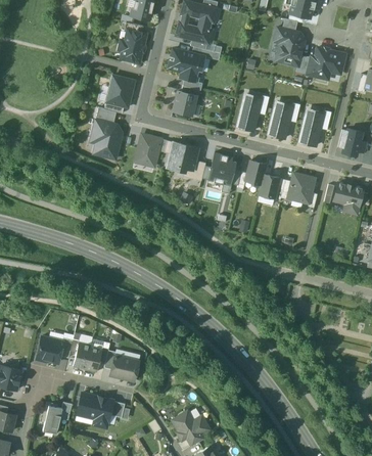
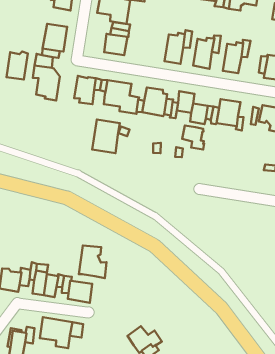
building: none -> [7,52,28,79]
building: none -> [92,120,120,153]
building: none -> [182,126,204,150]
building: none -> [79,246,106,278]

